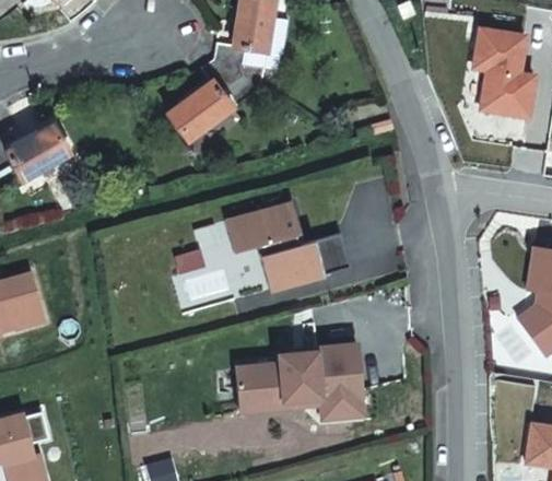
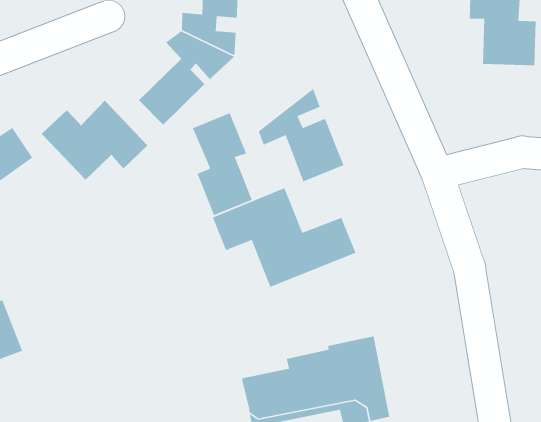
building: none -> [41,100,148,180]
building: none -> [258,88,345,183]
building: none -> [192,112,253,216]

